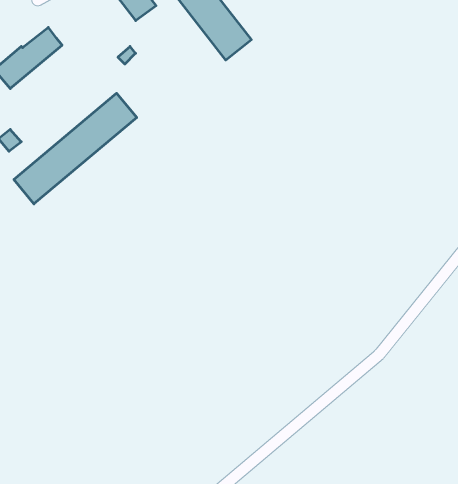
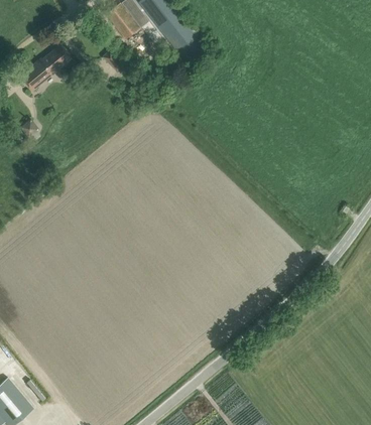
building: [14,93,137,204] -> none

